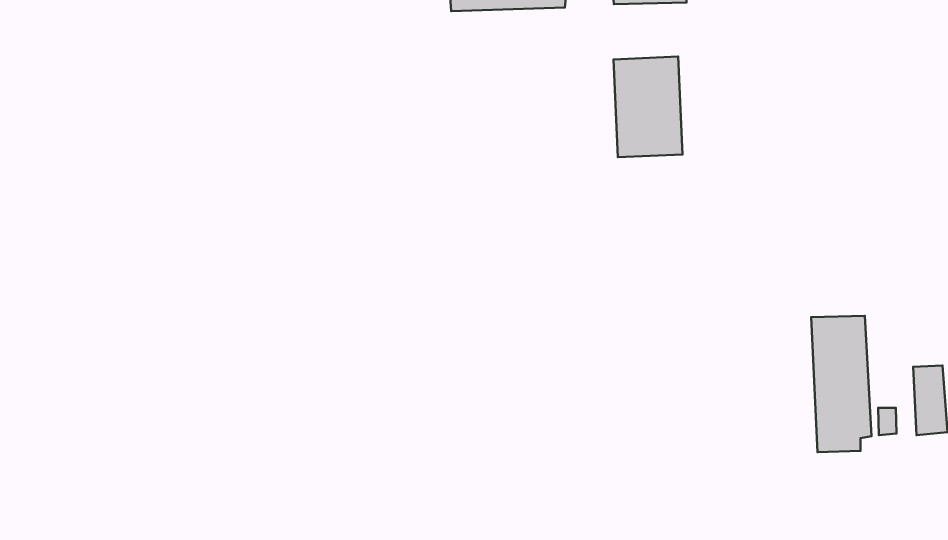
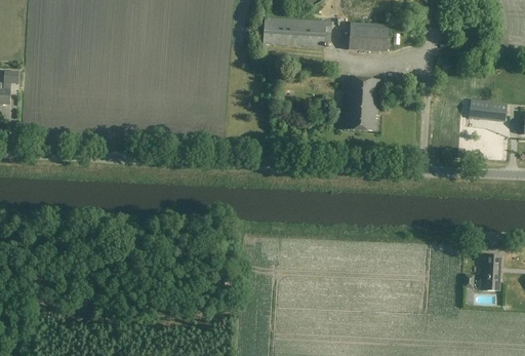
building: none -> [471,98,494,119]
building: [811,316,871,452] -> none

